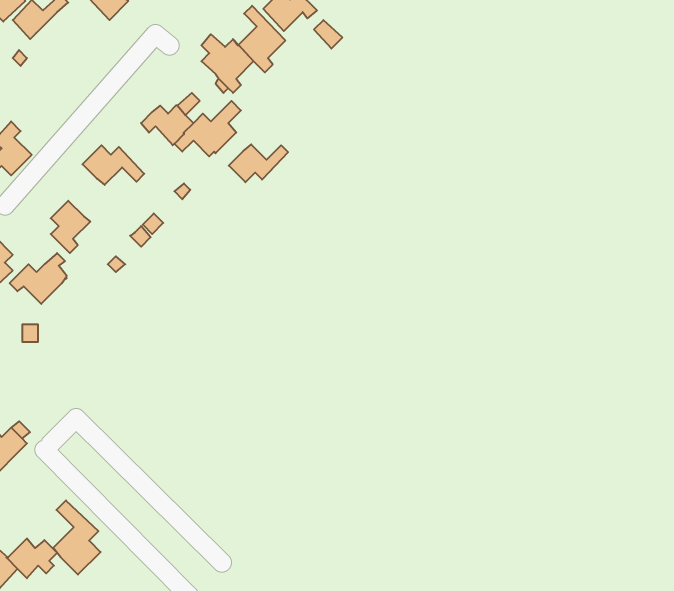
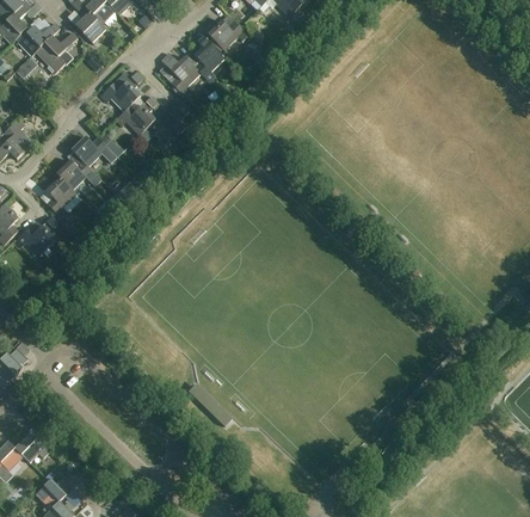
building: none -> [36,32,78,74]
building: none -> [100,72,142,111]
building: [229,144,288,182] -> none
building: none -> [55,160,100,190]
building: [53,500,101,575] -> none

